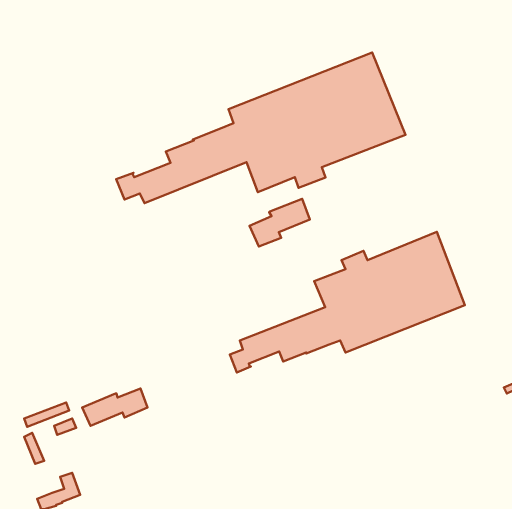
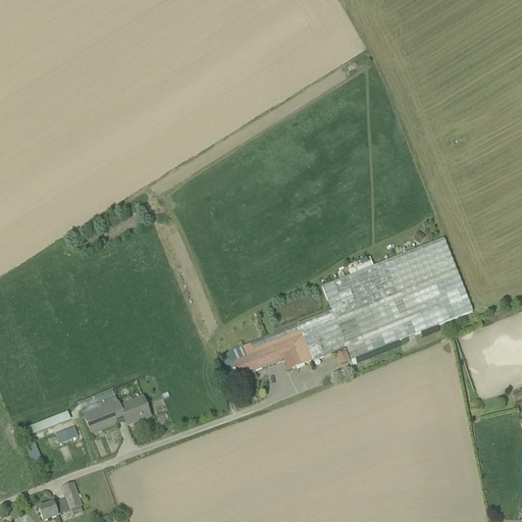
building: [116,52,406,203] -> none
building: [249,199,310,247] -> none

